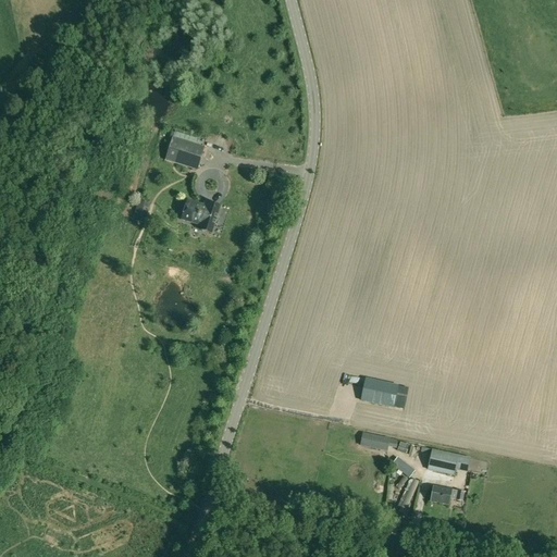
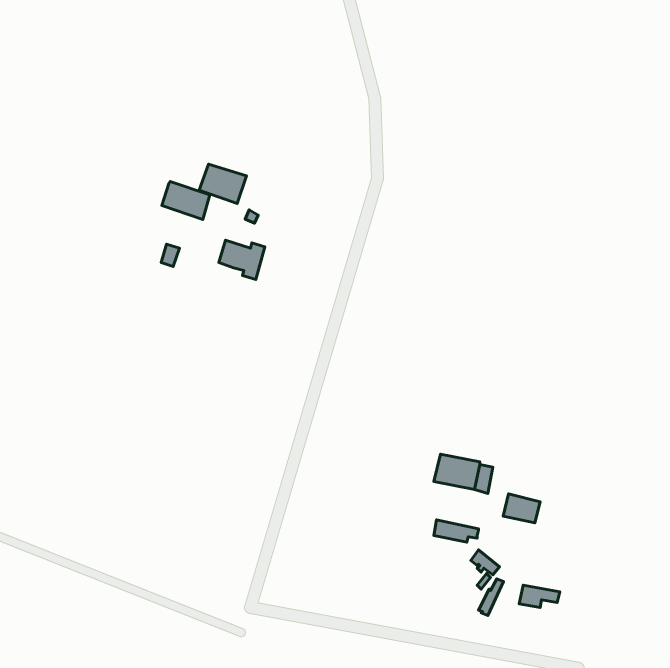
building: none -> [162,182,210,219]
building: [428,449,458,473] -> [503,494,540,523]

